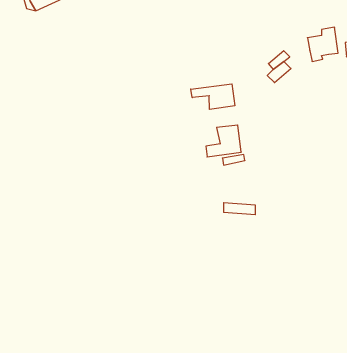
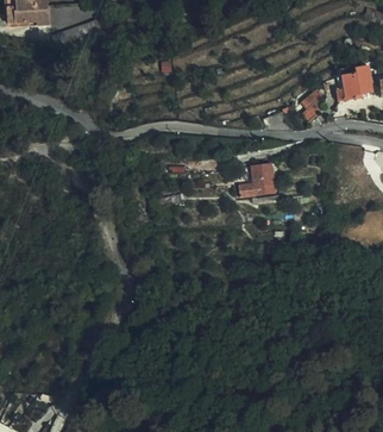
building: [191,84,235,109] -> none

